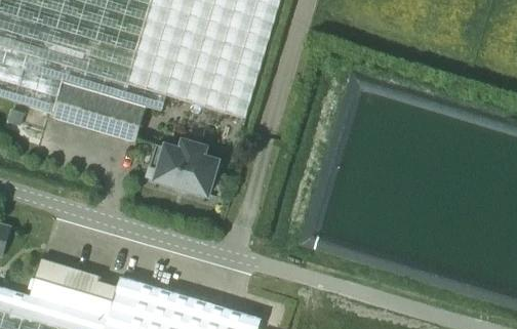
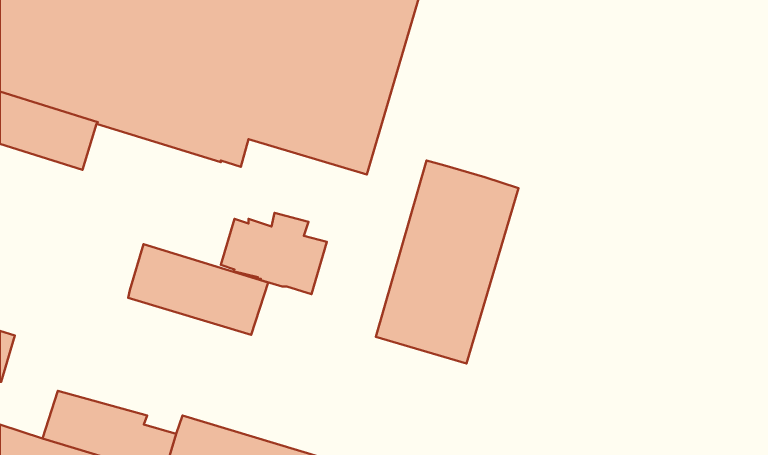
building: [54,84,148,145] -> [128,244,268,335]
building: none -> [376,161,518,364]

